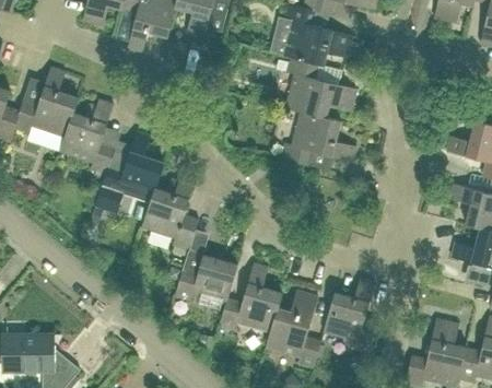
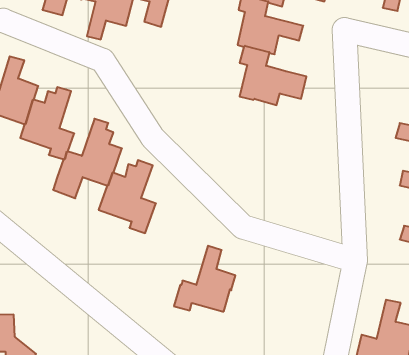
building: [281,111,358,166] -> none
building: [175,250,239,304] -> none
building: [324,279,380,353] -> none
building: [265,290,323,368] -> none

